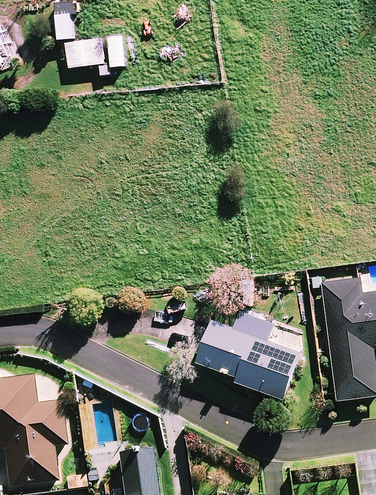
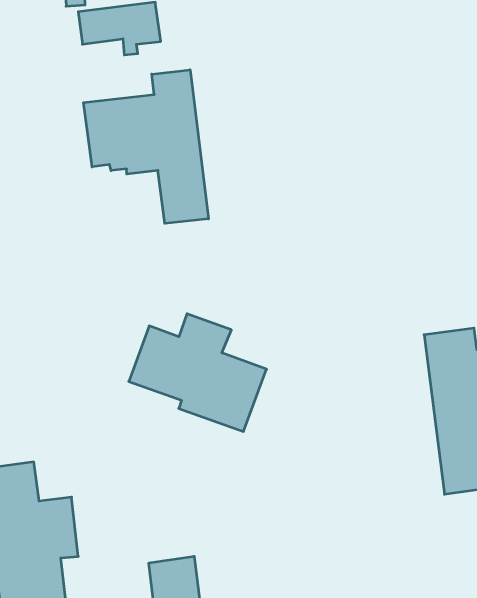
building: none -> [84,70,208,223]
building: [198,311,300,398] -> [129,314,267,431]

